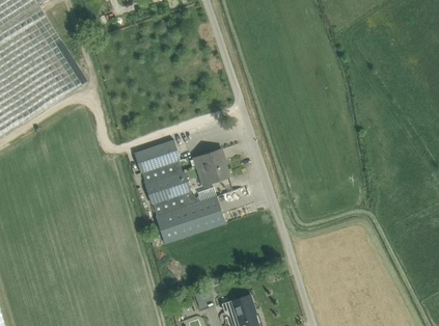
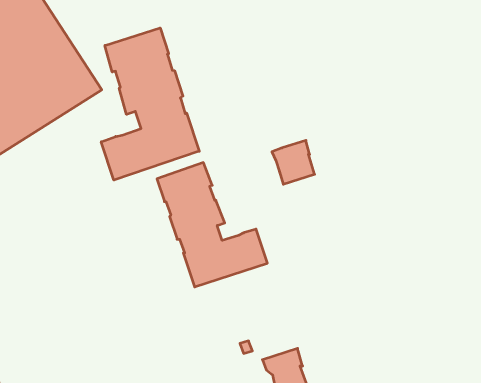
building: none -> [101,28,199,180]
building: [192,147,227,184] -> [272,140,315,184]

